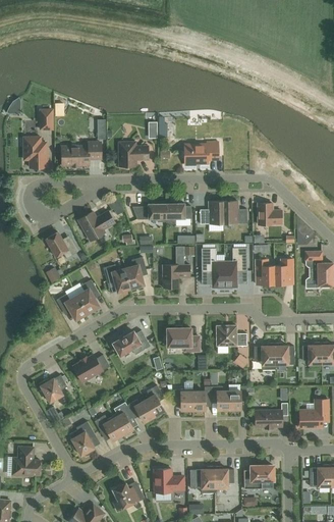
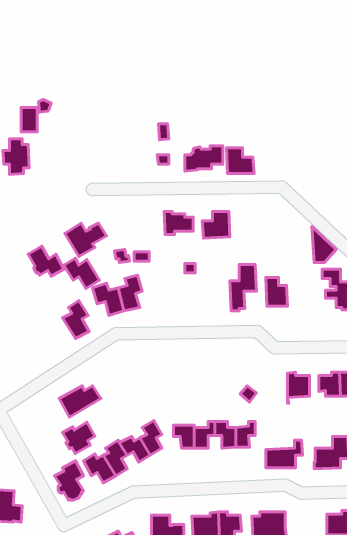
building: [119,142,148,166] -> none
building: [61,143,101,165] -> none
building: [133,201,167,221] -> none
building: [223,201,247,223] -> [226,148,254,173]
building: [258,203,282,224] -> none
building: [202,248,225,289] -> none
building: [274,259,293,284] -> none
building: [163,265,190,288] -> none
building: [56,294,88,320] -> [64,258,100,288]
building: [216,325,247,346] -> none
building: [164,328,200,351] -> none
building: [113,330,151,356] -> none
building: [254,344,275,370] -> none
building: [39,374,67,402] -> [62,422,95,453]

